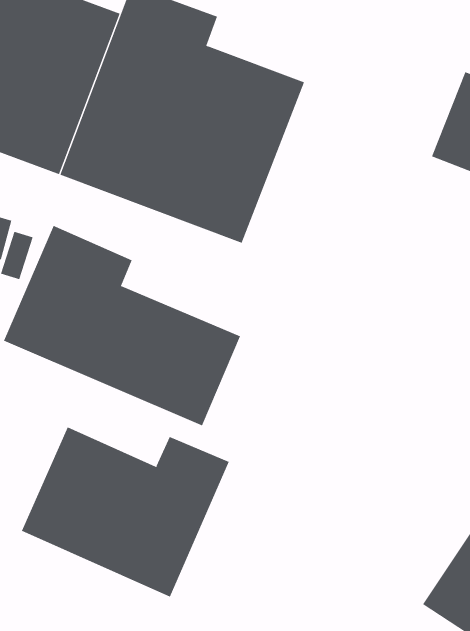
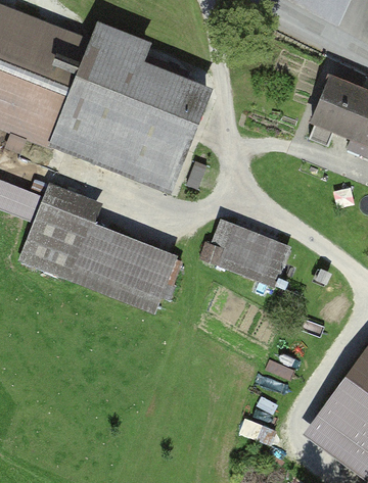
building: none -> [206,218,294,288]
building: [21,426,229,597] -> none

